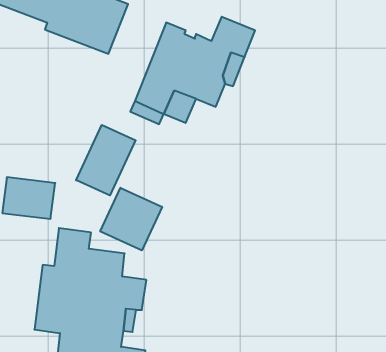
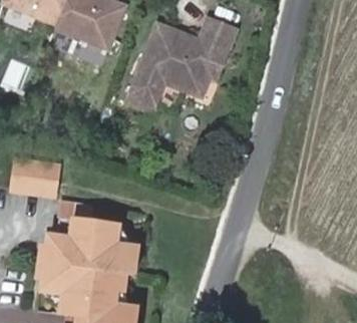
building: [76,125,136,195] -> none
building: [100,188,162,250] -> none

